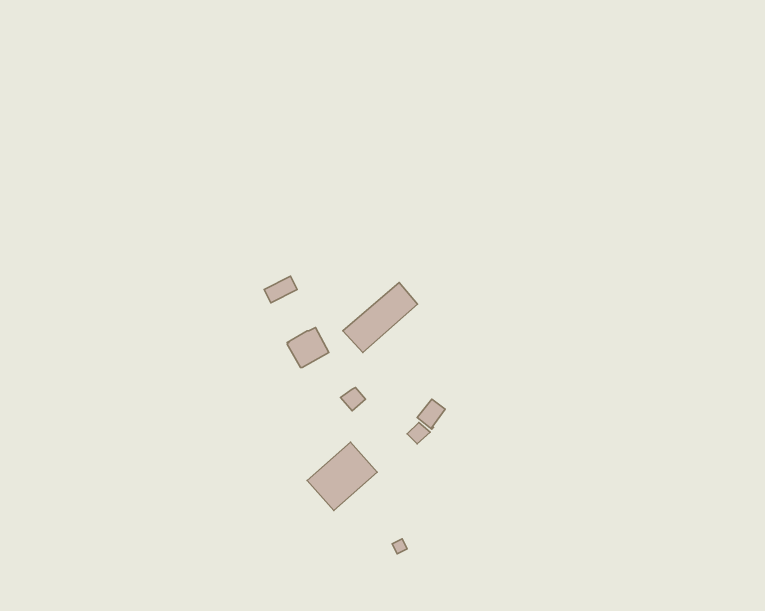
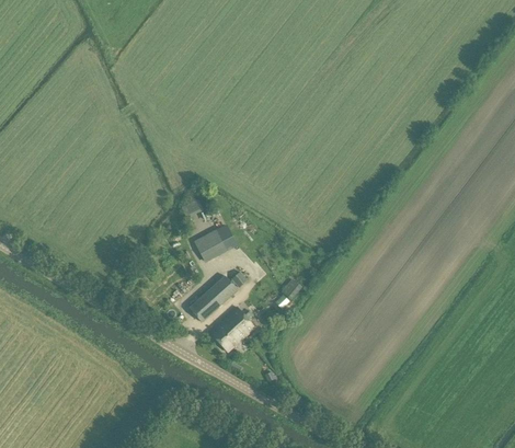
building: [343,283,418,352] -> [191,276,240,322]

